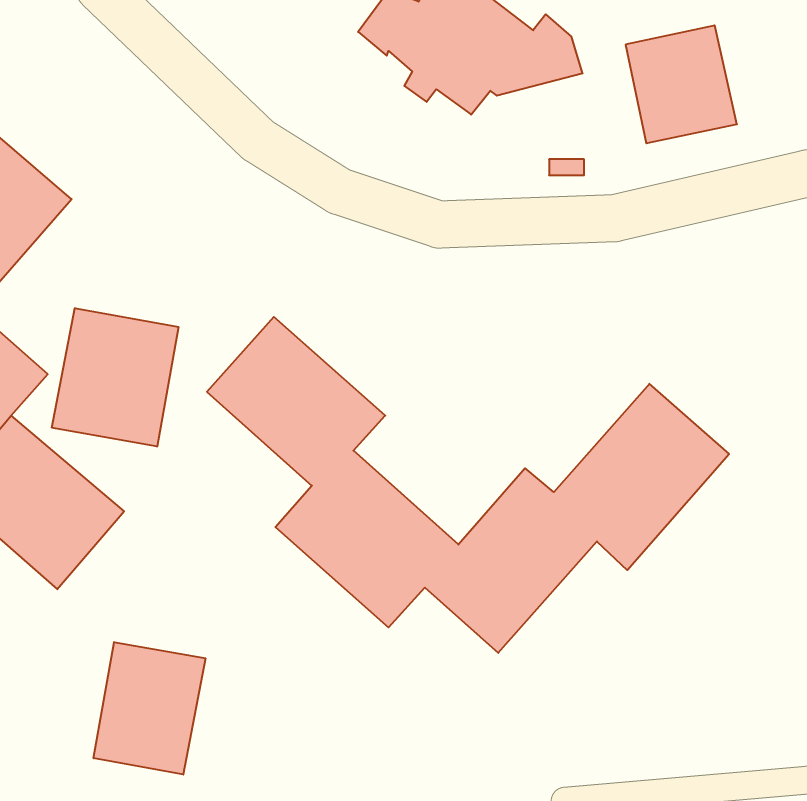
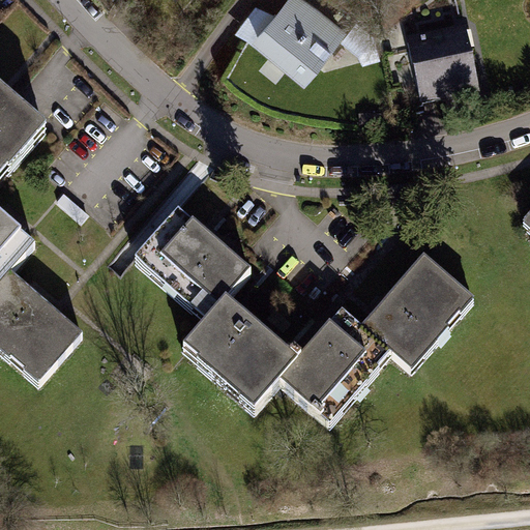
building: [52,308,178,447] -> none
building: [94,642,205,775] -> none

